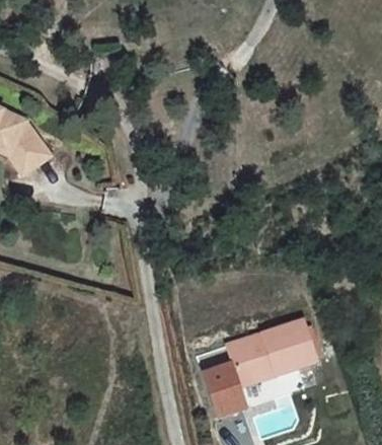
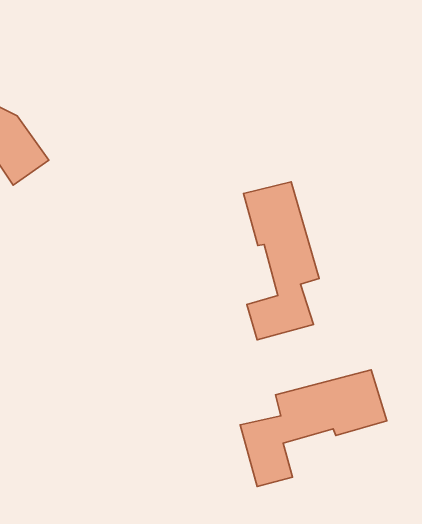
building: none -> [244,182,319,340]

